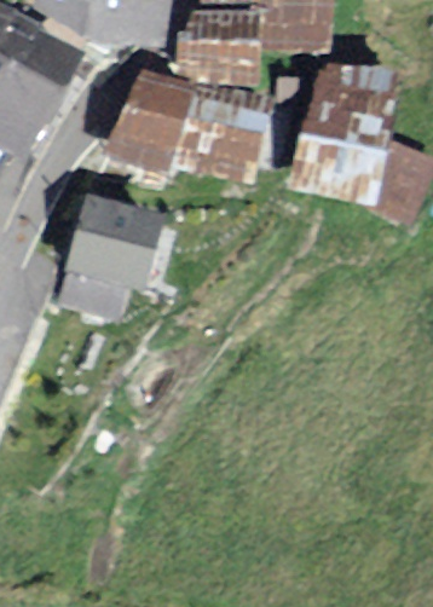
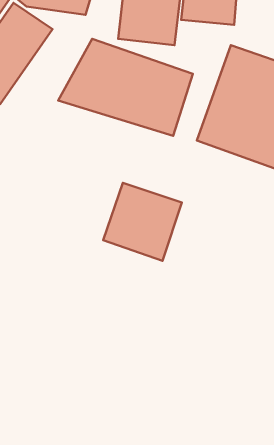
building: [65,196,163,293] -> [103,183,182,261]

